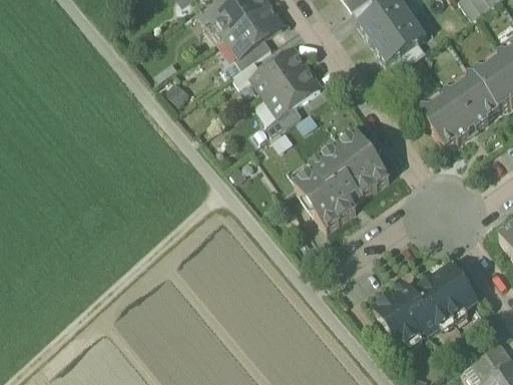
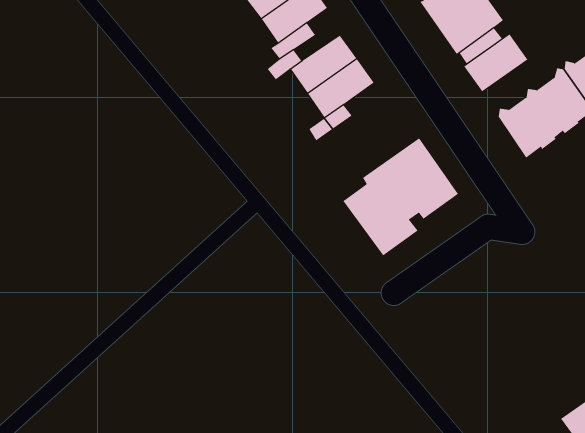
building: none -> [464,34,528,92]
building: [374,265,476,346] -> none

